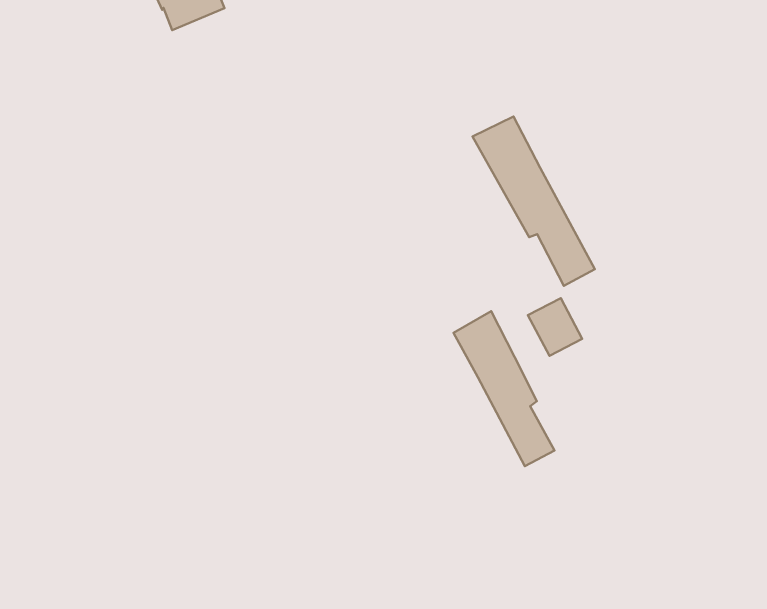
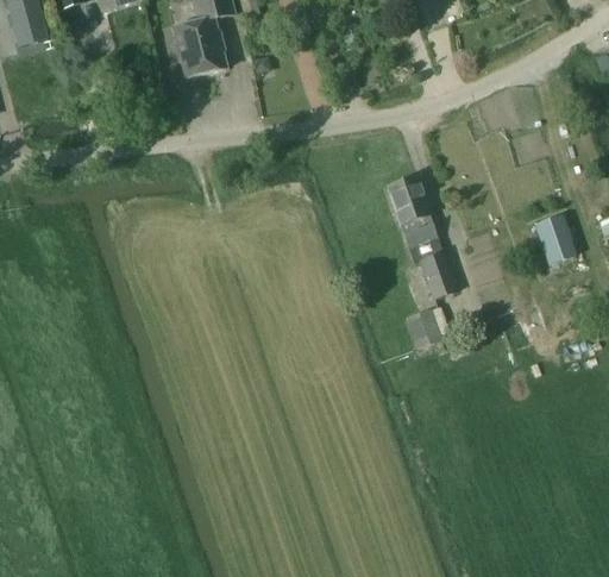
building: none -> [533,214,573,263]
building: [454,311,555,466] -> none

